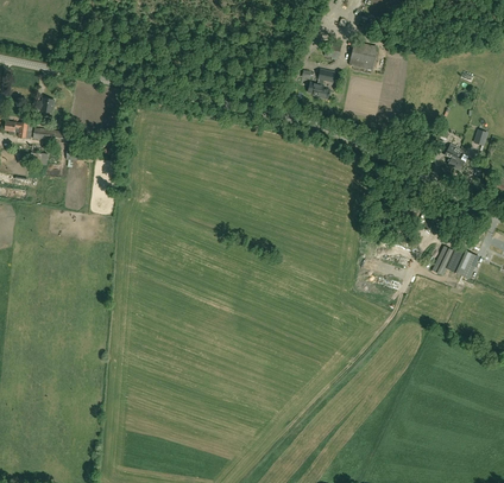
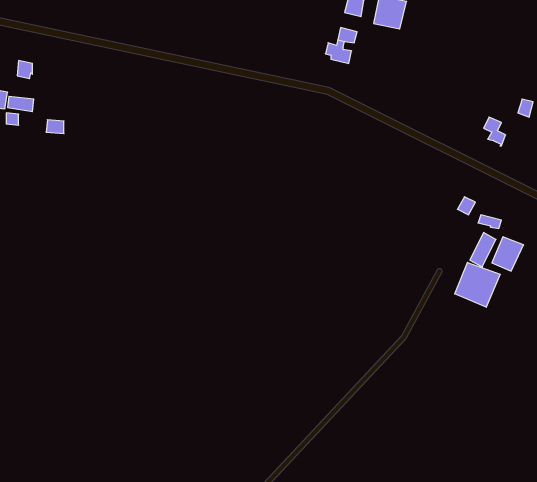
building: none -> [455,262,500,307]

